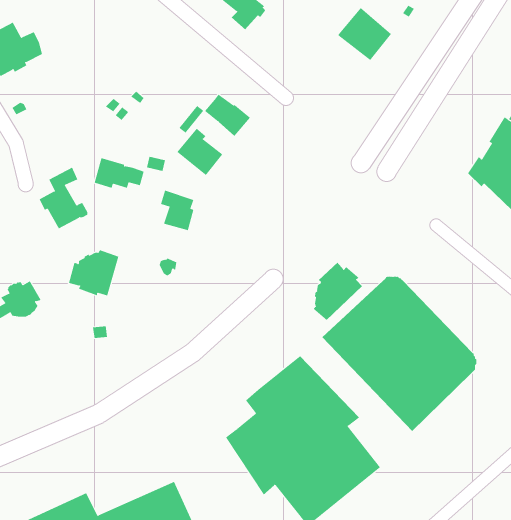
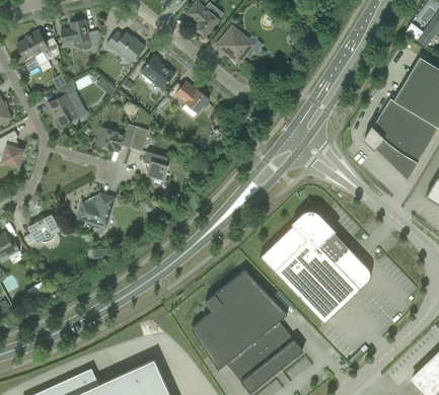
building: none -> [61,19,99,49]
building: [338,7,392,61] -> [216,25,254,64]
building: none -> [106,31,144,61]
building: [177,128,223,176] -> [141,55,174,89]
building: [39,167,88,229] -> [48,81,83,126]
building: [313,262,363,321] -> none

